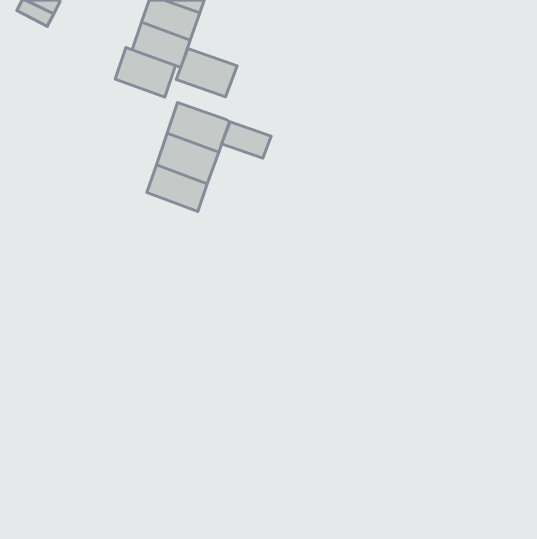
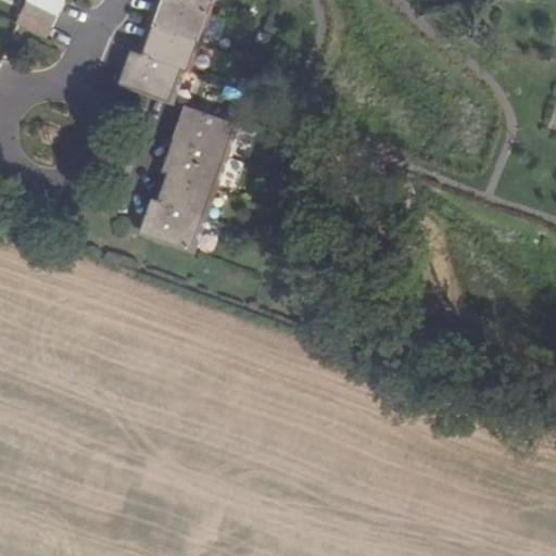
building: [176,49,237,97] -> none
building: [222,122,271,158] -> none
building: none -> [140,199,203,250]

